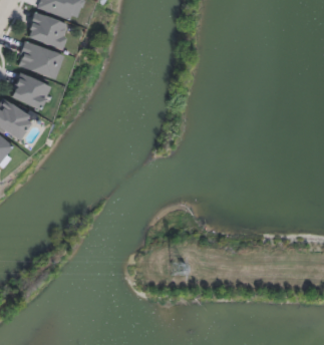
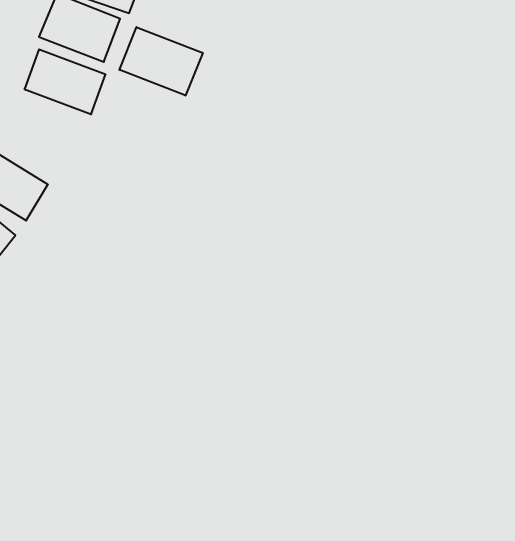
building: none -> [119,27,203,96]
building: [11,73,49,108] -> none

